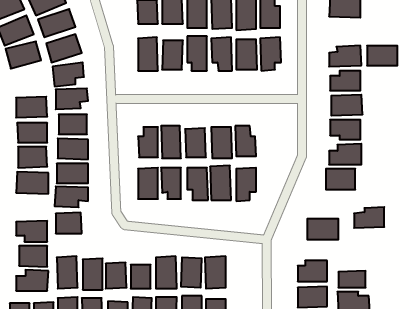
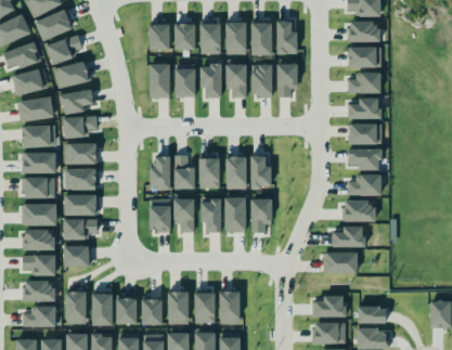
building: [367,46,397,66] -> [349,47,380,67]
building: none -> [20,95,54,121]
building: none -> [25,229,55,249]
building: [354,207,384,228] -> [333,225,364,247]

